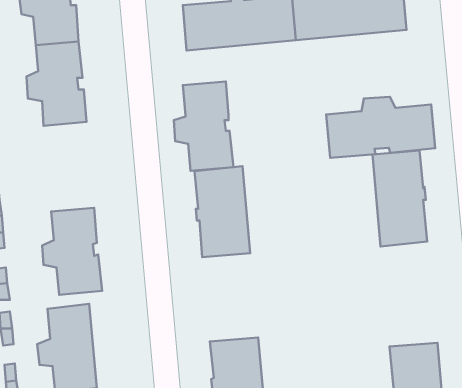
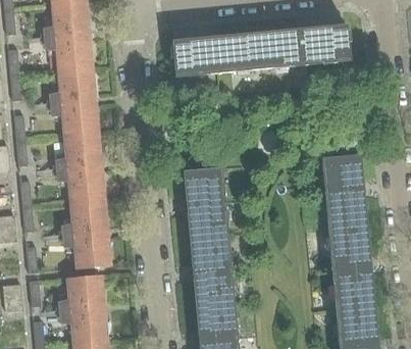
building: [174,81,234,171] -> [58,132,105,202]
building: [326,97,435,158] -> none
building: none -> [329,226,374,308]
building: none -> [190,235,234,304]

